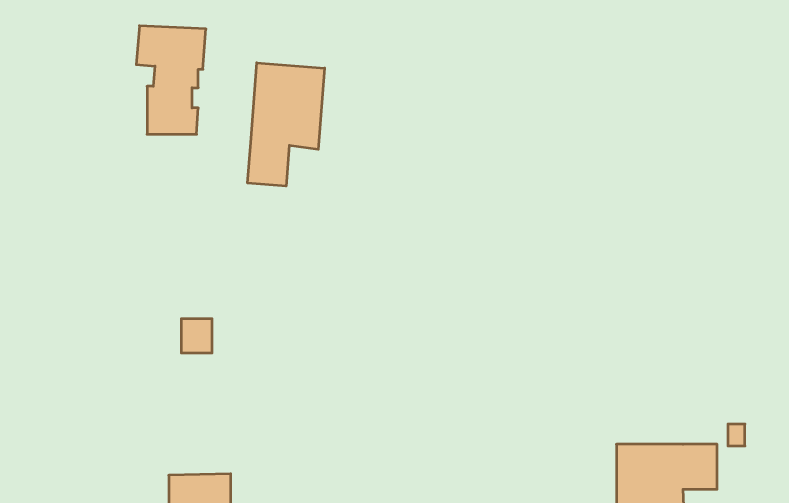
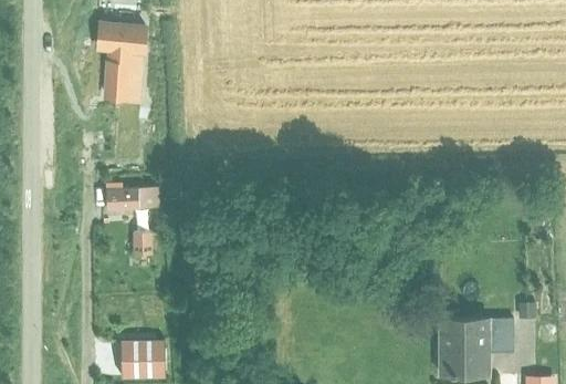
building: [248,63,325,186] -> none
building: none -> [107,185,156,208]

